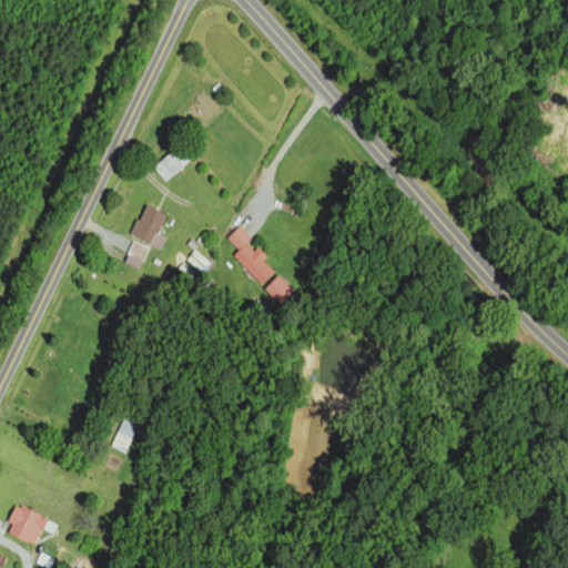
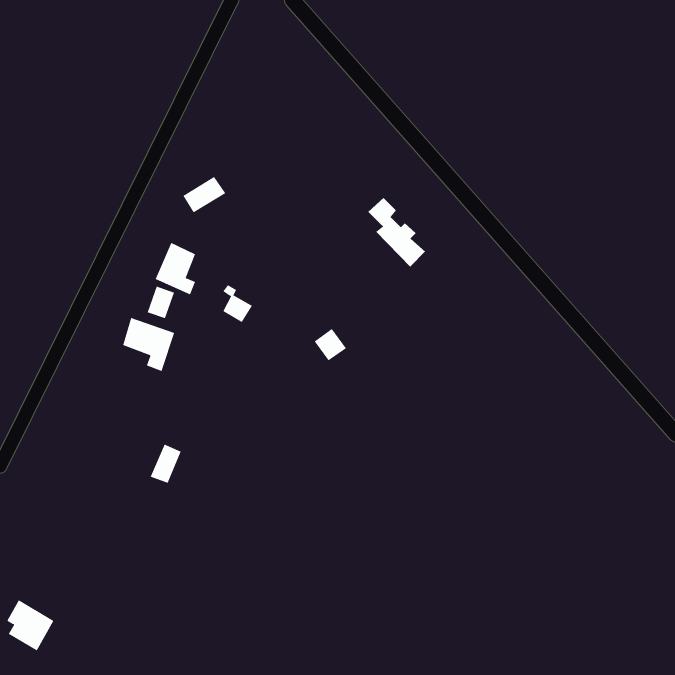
building: [226,226,275,285] -> [368,197,426,267]
building: none -> [122,317,175,372]
building: [111,419,138,453] -> [150,444,181,483]

